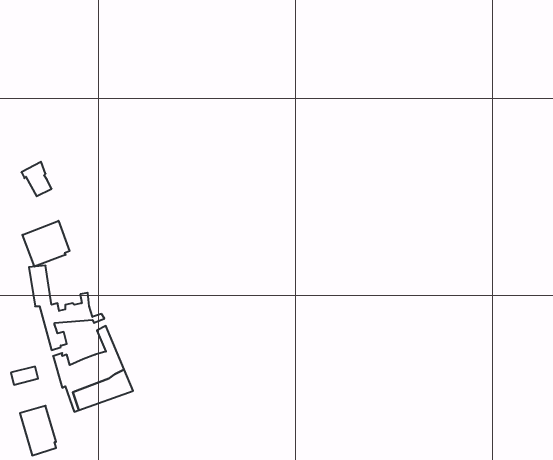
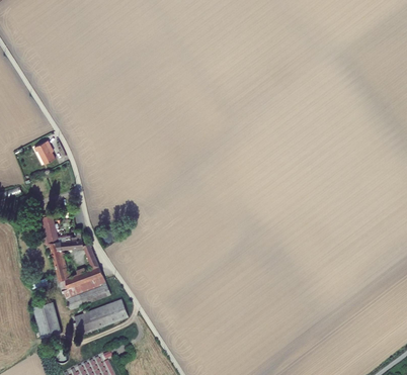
building: [22,221,70,267] -> none
building: none -> [73,297,128,333]

